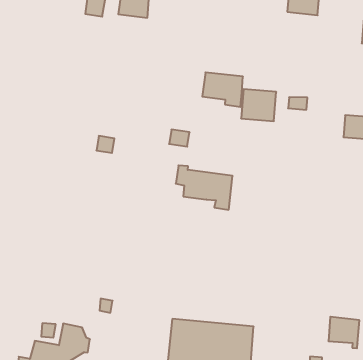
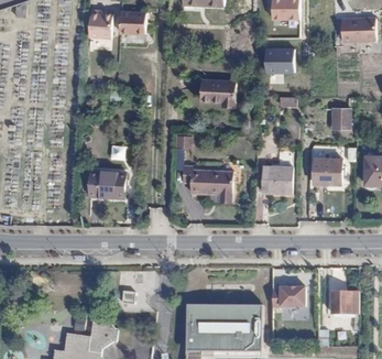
building: [241,89,276,121] -> [264,46,294,73]
building: none -> [89,168,127,198]
building: none -> [313,157,341,184]
building: none -> [261,165,292,193]
building: none -> [273,286,306,306]

